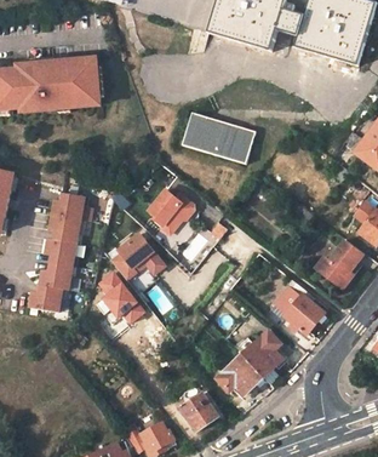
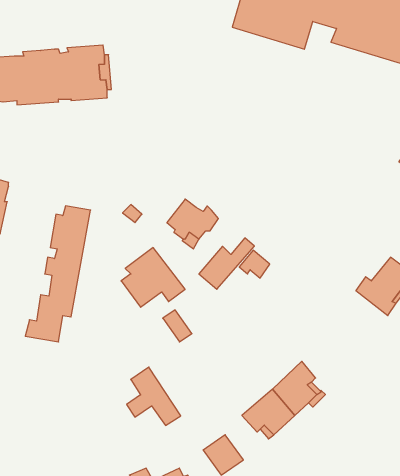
building: [183,113,256,162] -> none
building: [96,270,143,321] -> [127,367,181,425]
building: [275,287,323,332] -> none

